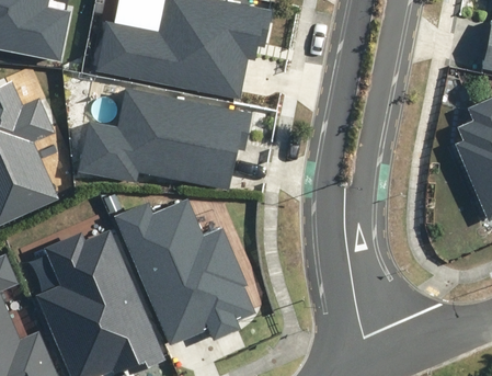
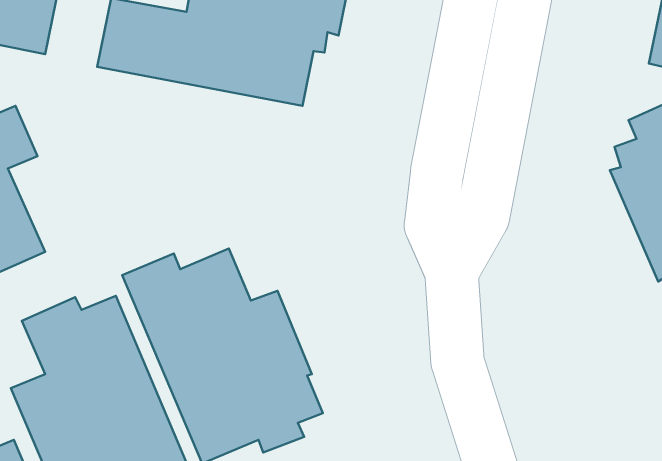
building: [77,88,251,190] -> none

